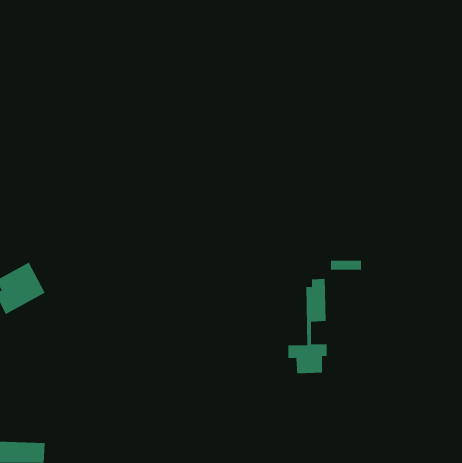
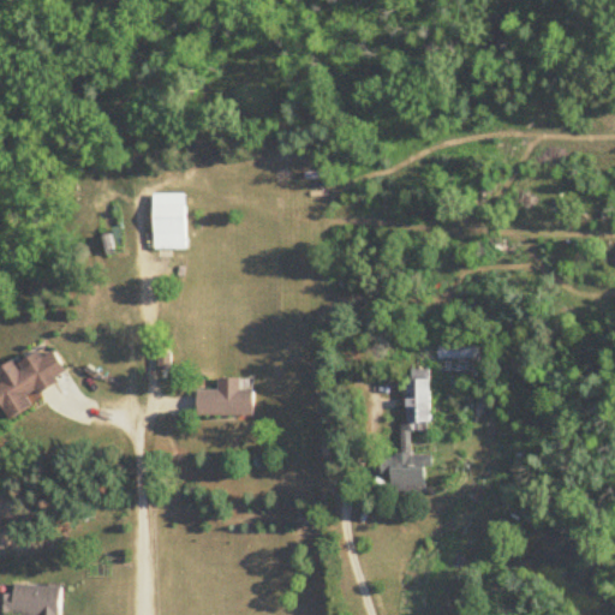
building: none -> [153,192,184,247]
building: none -> [197,377,252,416]

